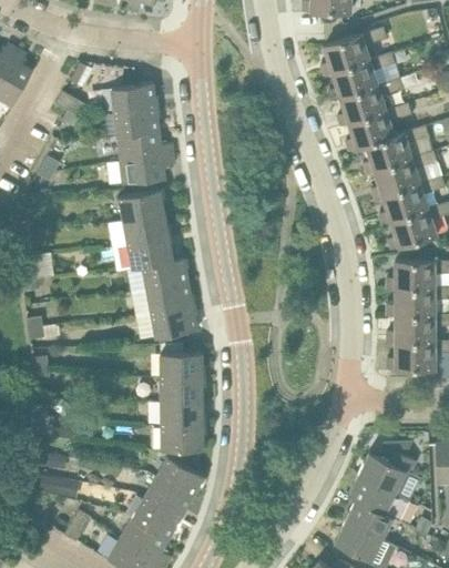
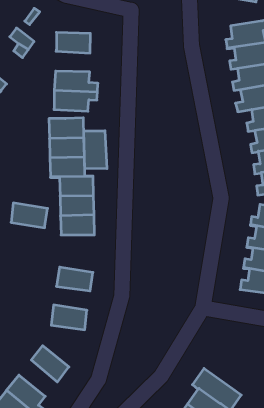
building: [113,109,159,138] -> none
building: none -> [84,131,107,169]
building: [159,354,202,378] -> [11,203,48,228]
building: [160,402,202,426] -> none
building: [357,450,416,496] -> none
building: [154,457,203,499] -> none
building: [131,498,180,540] -> none

